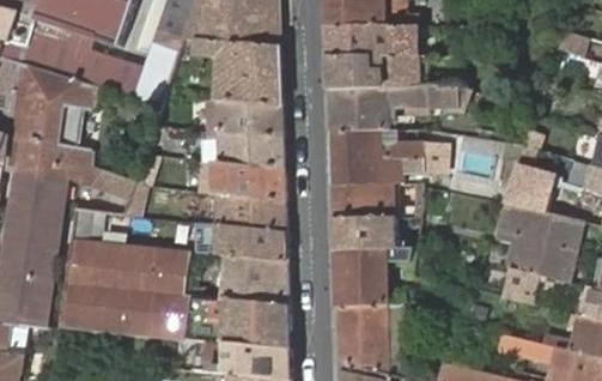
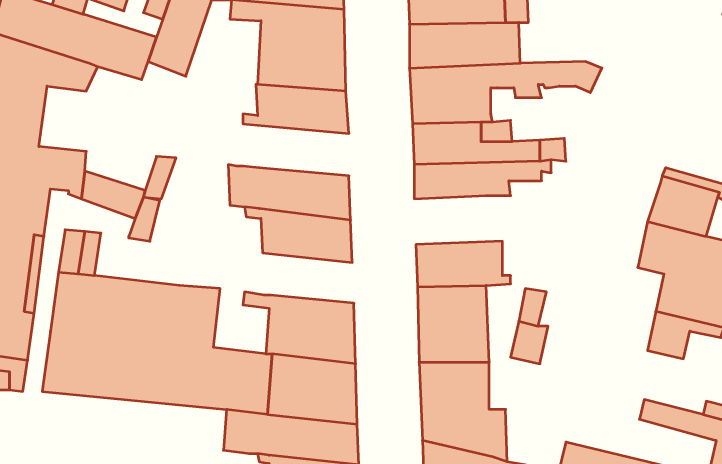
building: [206,129,284,168] -> none
building: [332,182,396,218] -> none
building: [220,224,287,261] -> none

